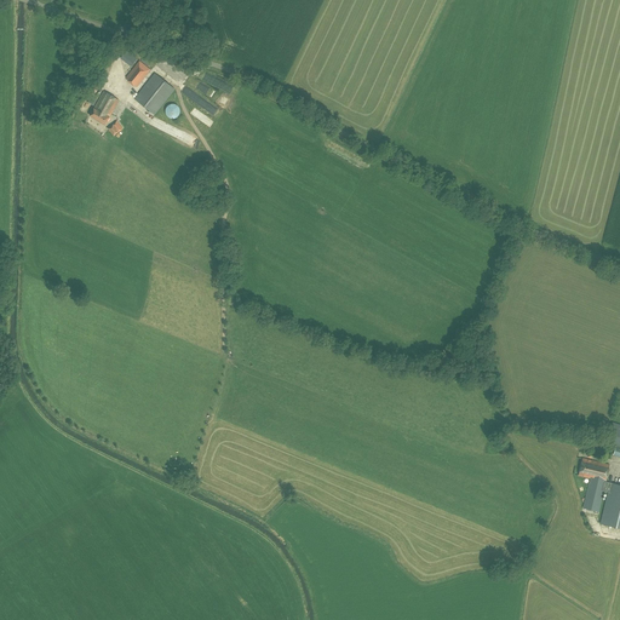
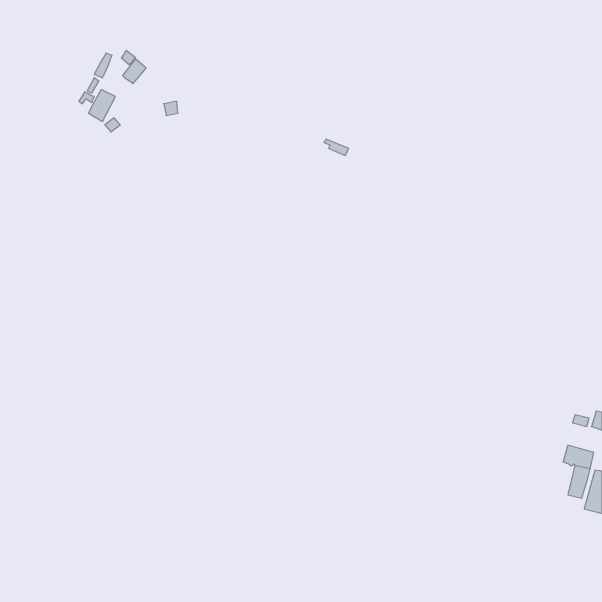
building: [134,74,176,115] -> none

